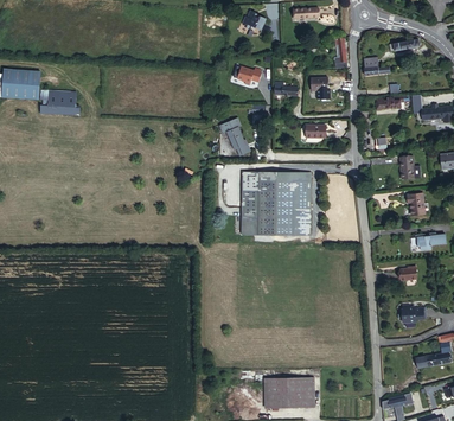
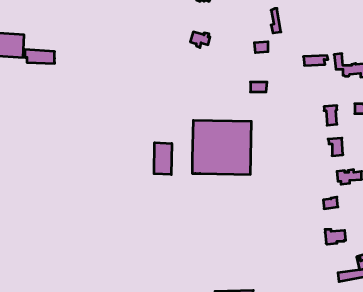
building: [219,119,249,157] -> none
building: none -> [154,143,172,175]

